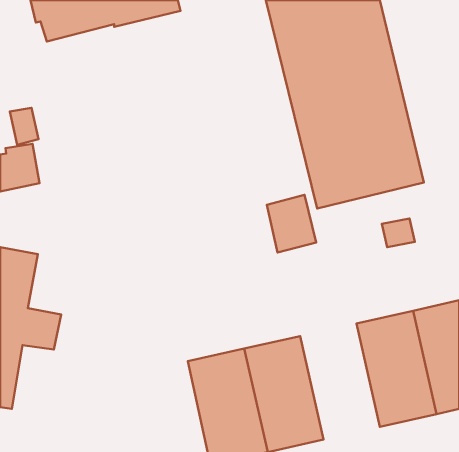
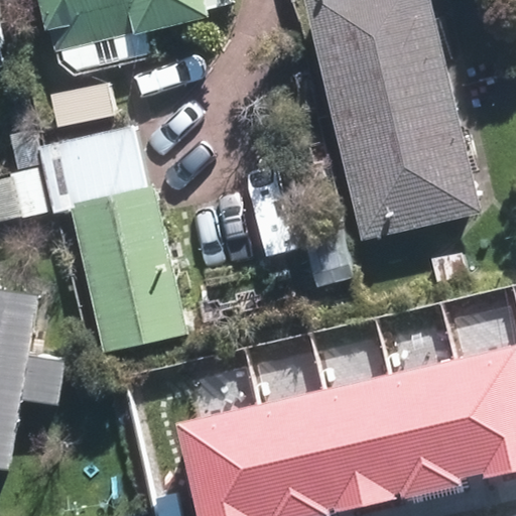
building: none -> [45,124,194,353]
building: none -> [337,371,426,501]

